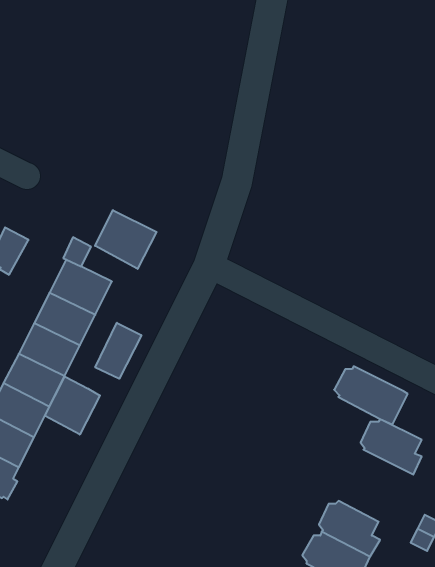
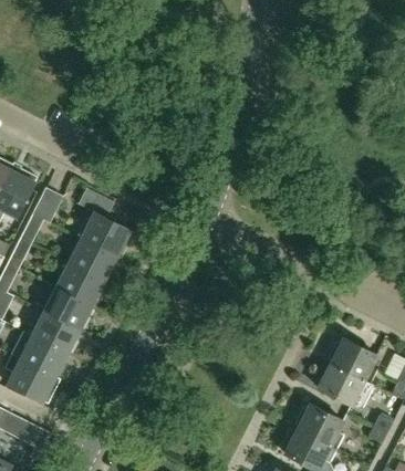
building: [95,210,157,269] -> none
building: [95,323,141,379] -> none
building: [334,366,408,425] -> [315,364,374,410]
building: [45,377,100,435] -> none

